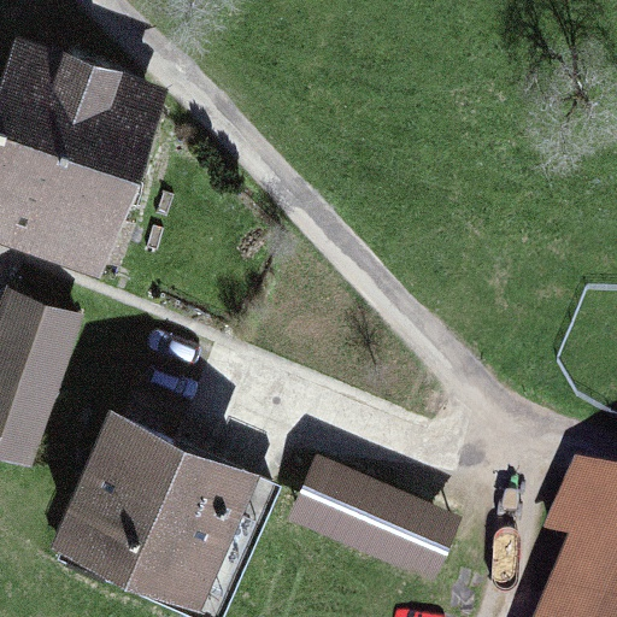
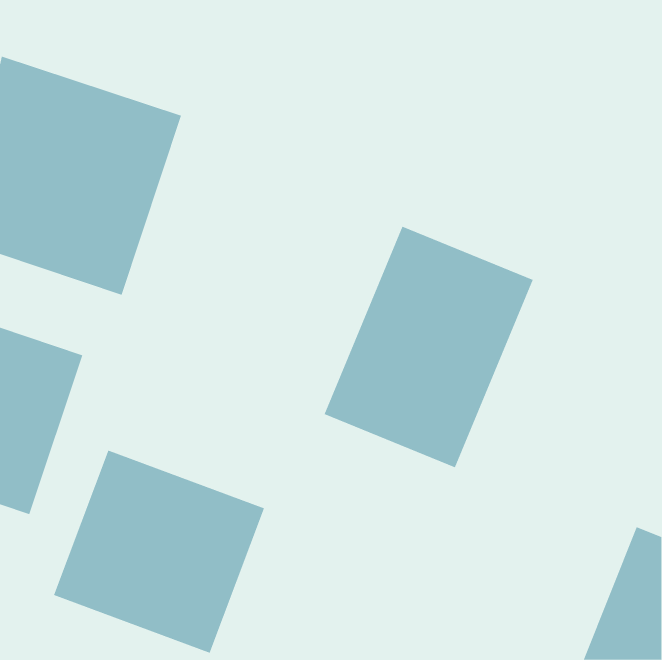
building: none -> [324,226,533,468]
building: [289,452,466,582] -> none

